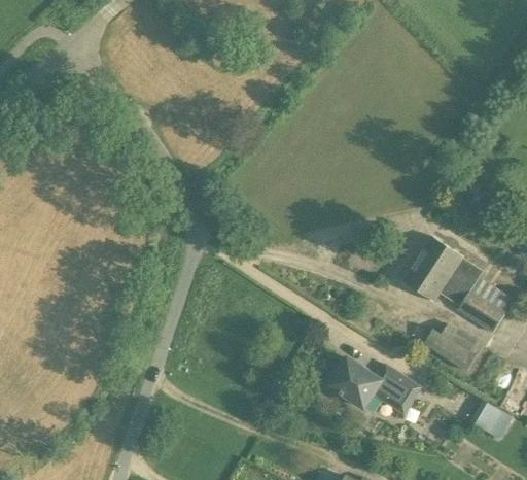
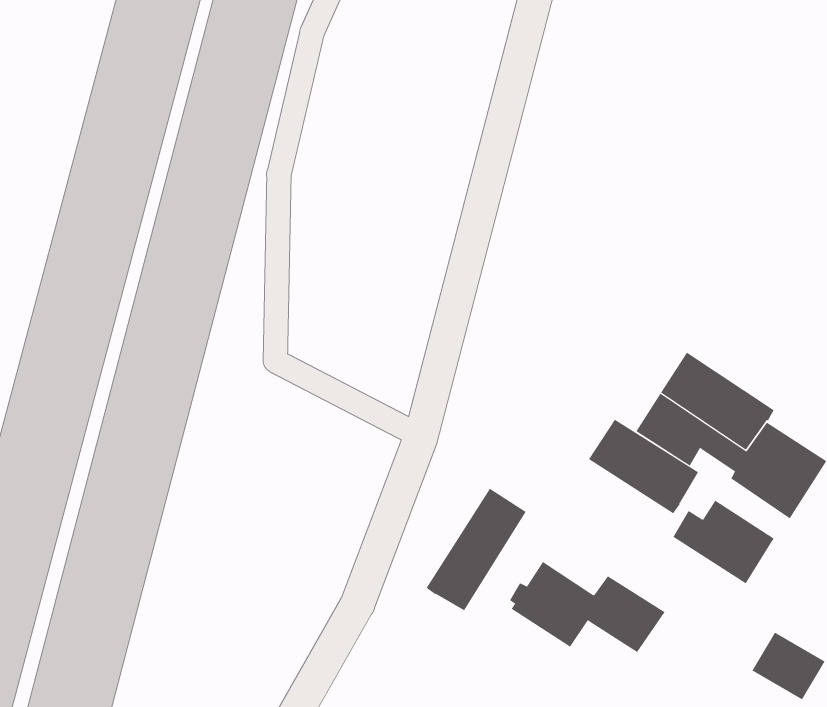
building: none -> [588,419,699,514]
building: none -> [426,488,526,611]

